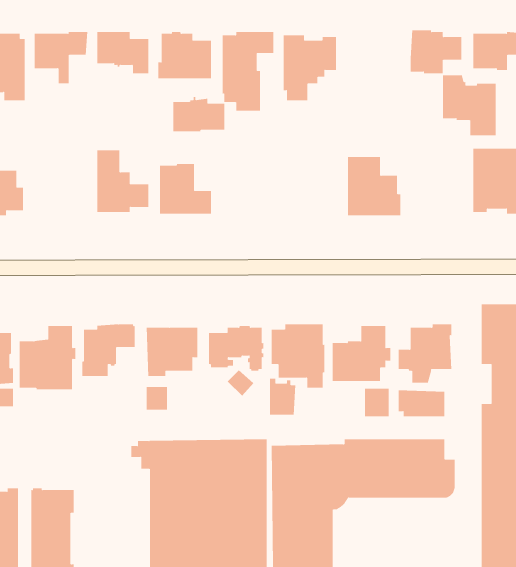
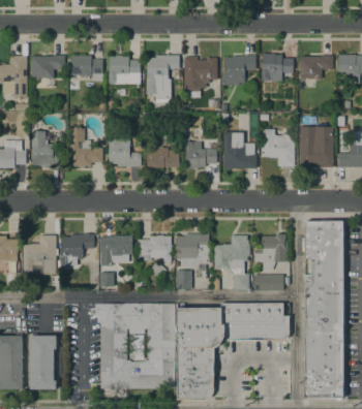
building: none -> [223,55,255,85]
building: [442,75,496,136] -> [262,129,295,166]
building: [173,96,225,132] -> [147,146,179,167]
building: none -> [32,130,64,167]
building: none -> [185,140,217,168]

